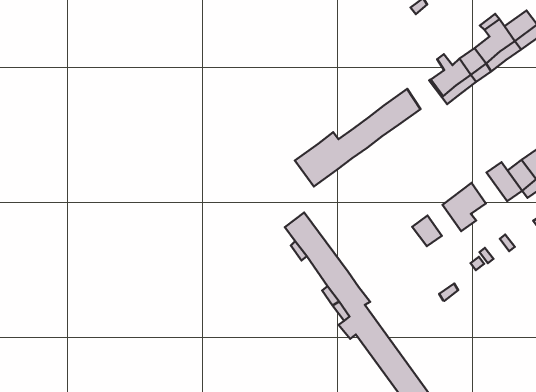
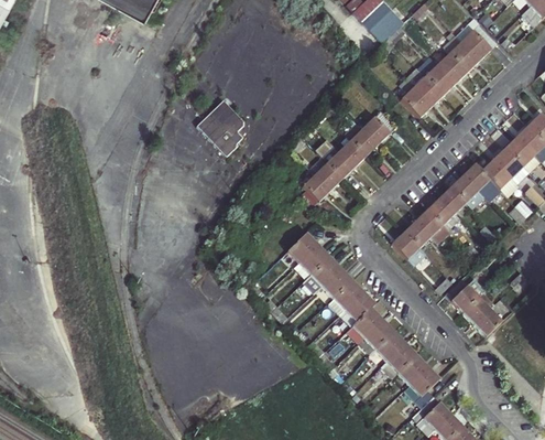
building: none -> [198,97,249,157]
building: none -> [450,174,483,207]
building: none -> [415,208,448,243]
building: none -> [391,232,424,266]
building: none -> [444,278,501,336]

